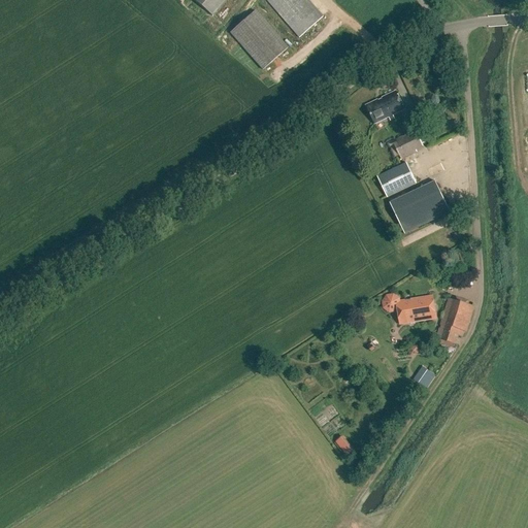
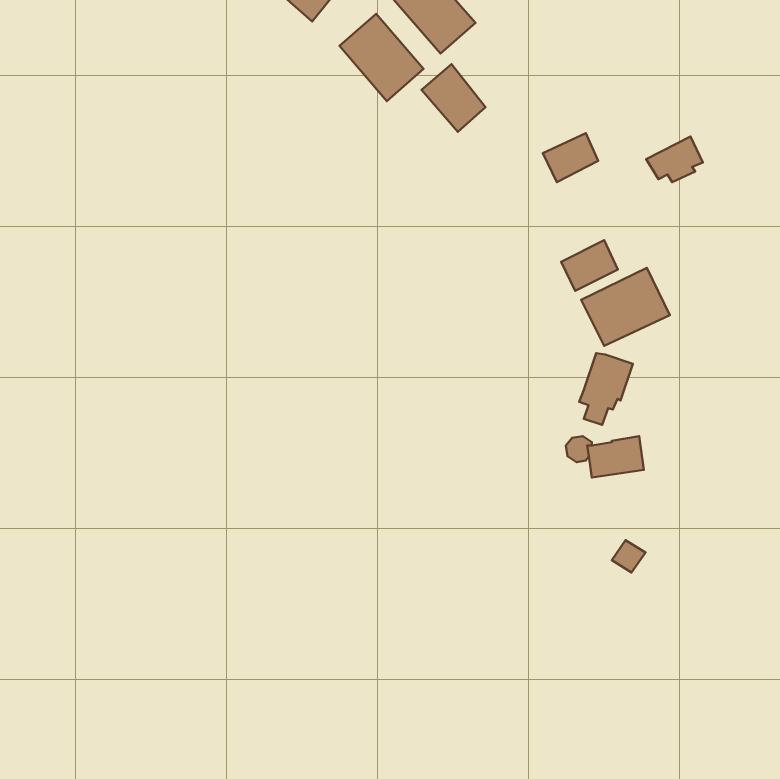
building: none -> [421,64,485,132]
building: [384,128,422,159] -> [646,136,703,182]
building: [436,296,472,344] -> [579,353,633,425]

